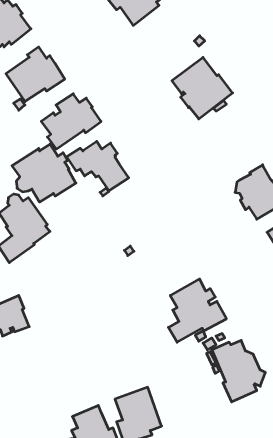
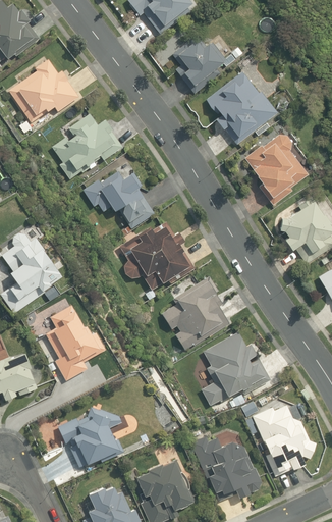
building: none -> [171,35,225,94]
building: none -> [244,135,307,205]
building: [12,144,76,202] -> [118,221,193,290]
building: none -> [161,276,229,350]
building: none -> [45,306,105,380]
building: none -> [57,407,123,467]
building: none -> [189,434,261,500]

